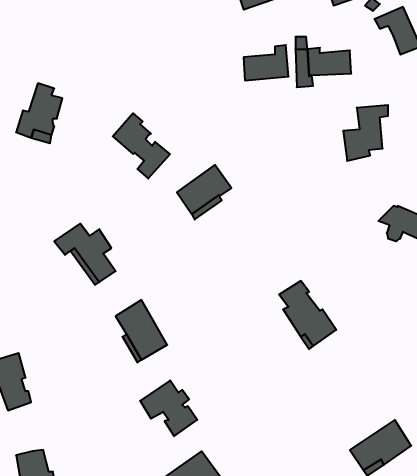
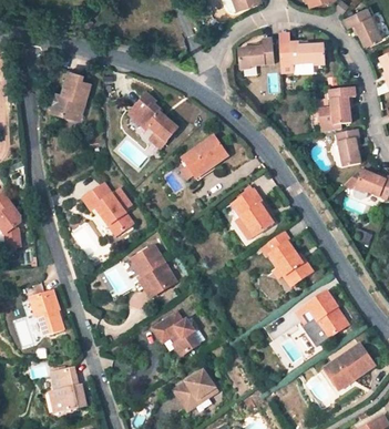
building: none -> [335,130,359,167]
building: none -> [232,190,273,235]
building: none -> [295,292,347,347]

